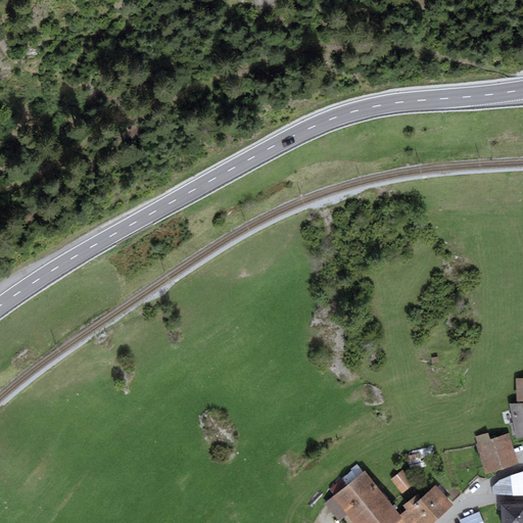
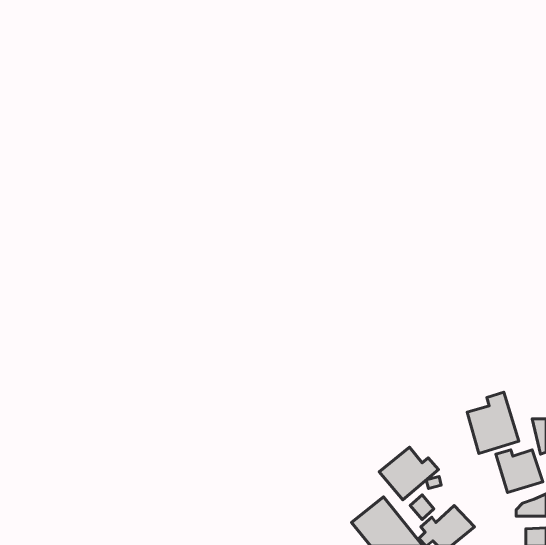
building: none -> [467,392,519,454]
building: none -> [379,447,438,500]

